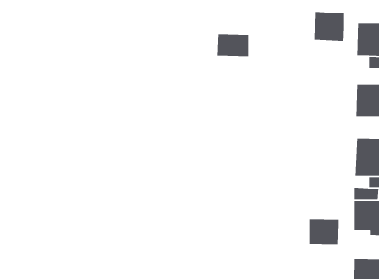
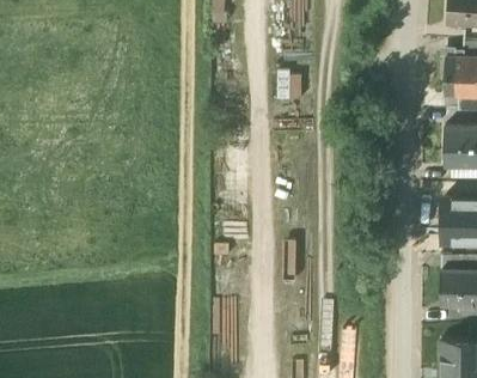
building: [314,12,345,42] -> none
building: [309,218,339,245] -> none

